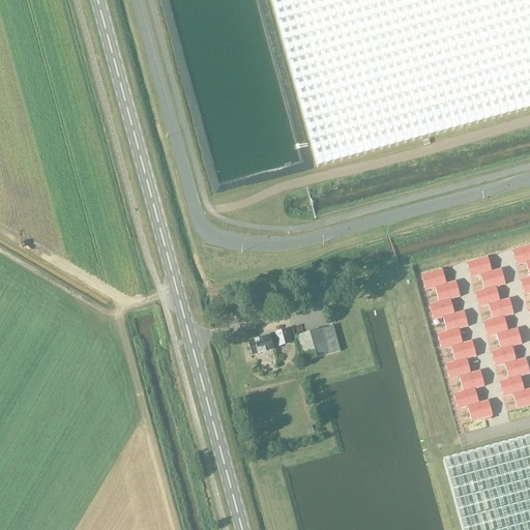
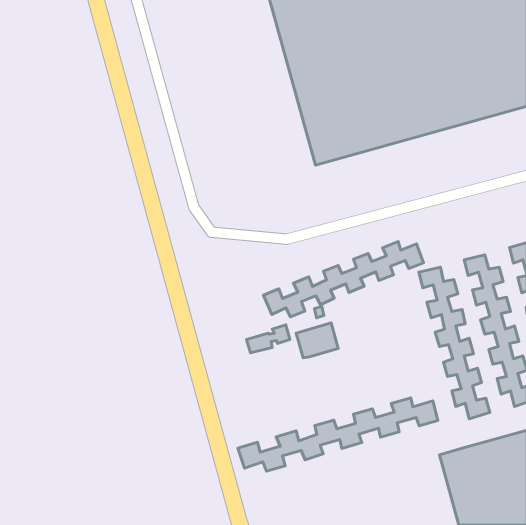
building: none -> [263,242,423,317]
building: none -> [238,398,438,471]

